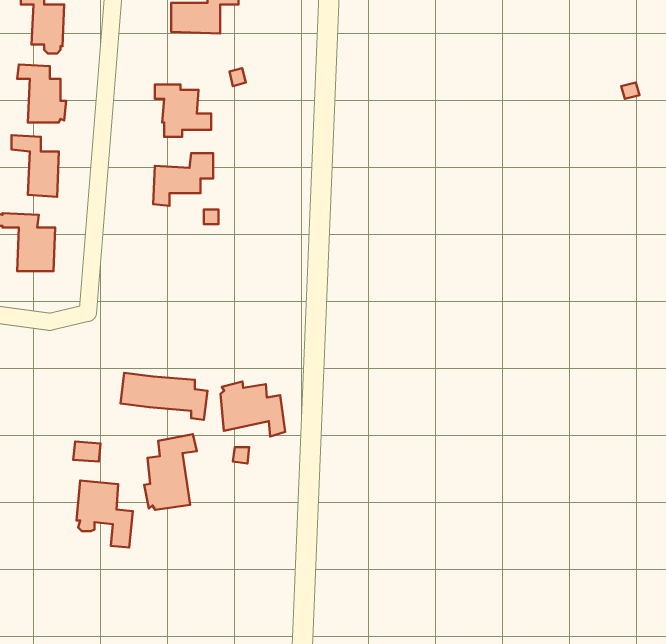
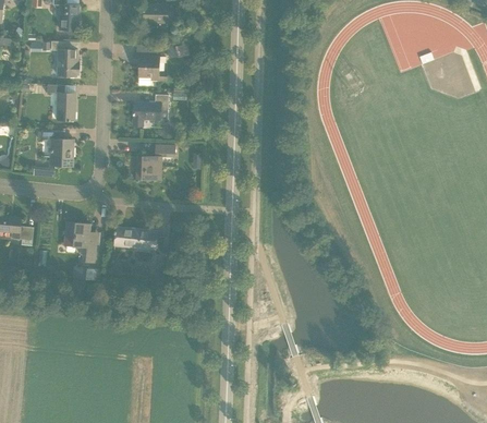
building: none -> [135,145,174,180]
building: [221,381,285,437] -> none
building: [144,434,197,510] -> none
building: [76,480,133,548] -> [64,221,98,262]

